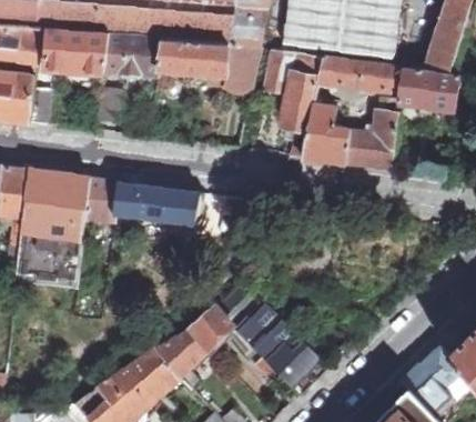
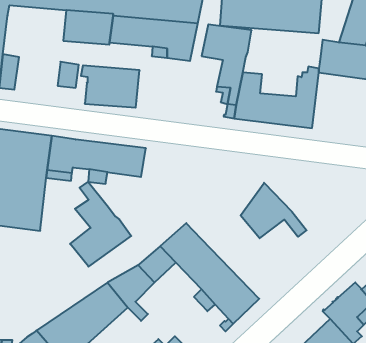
building: [39,27,107,76] -> [81,65,140,108]
building: [316,56,403,92] -> none
building: none -> [70,182,131,267]
building: none -> [241,183,307,238]

